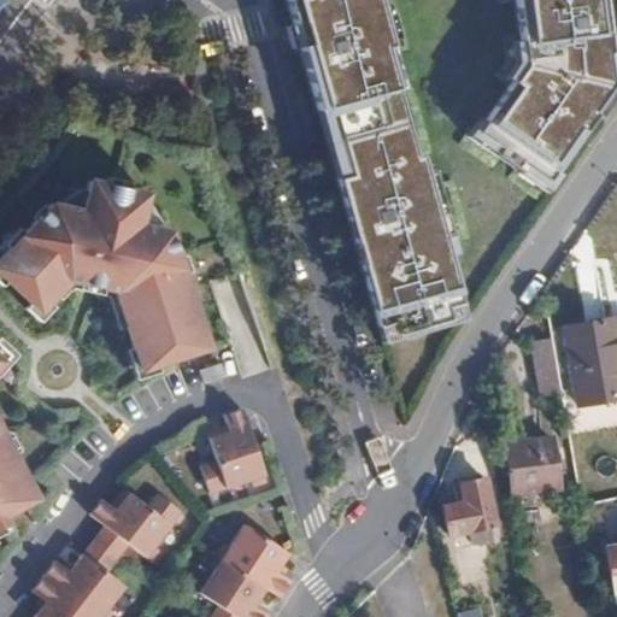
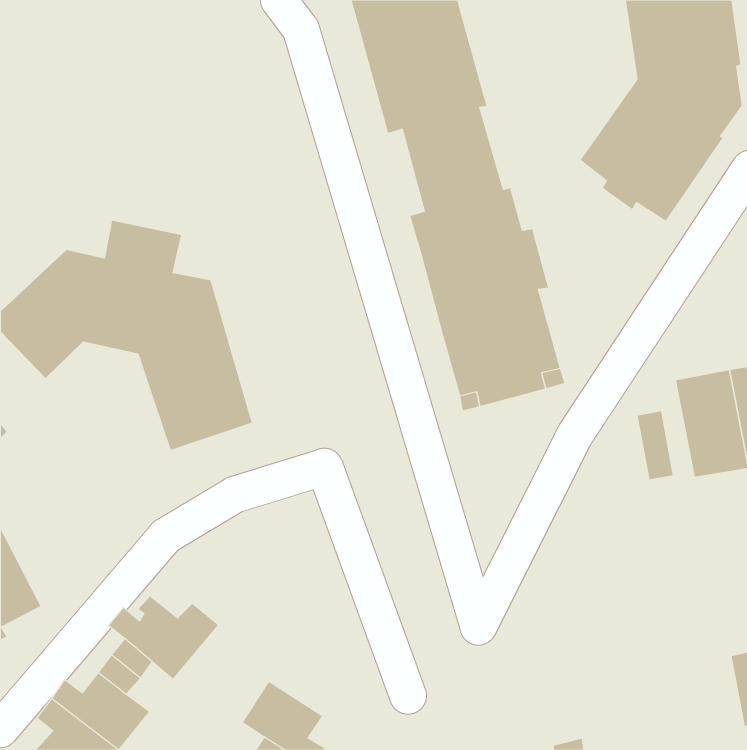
building: [202,409,268,494] -> none
building: [512,433,565,492] -> none
building: [447,481,496,535] -> none
building: [223,524,293,597] -> none

